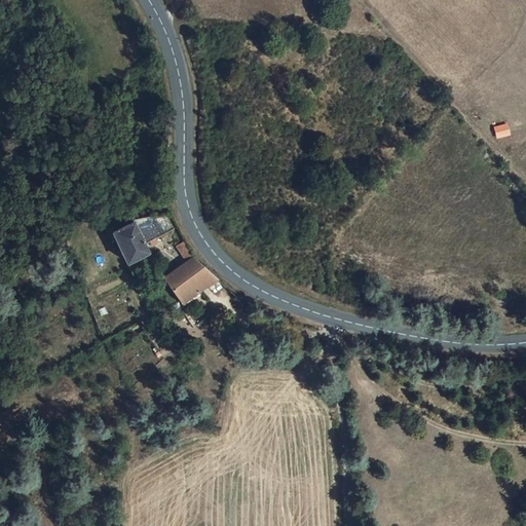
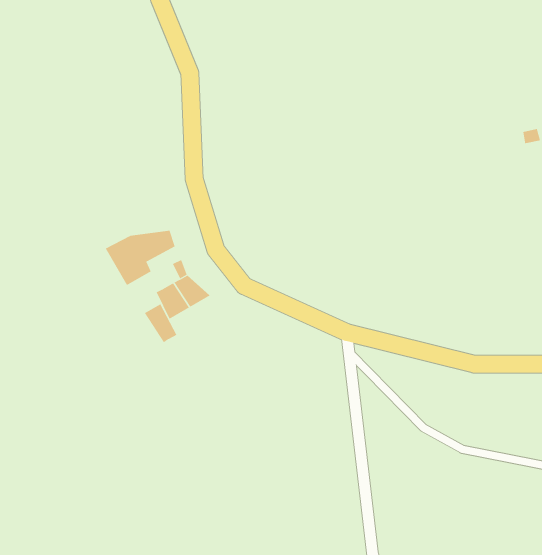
building: none -> [144,304,177,343]

